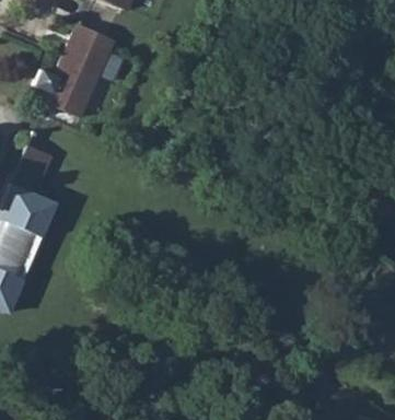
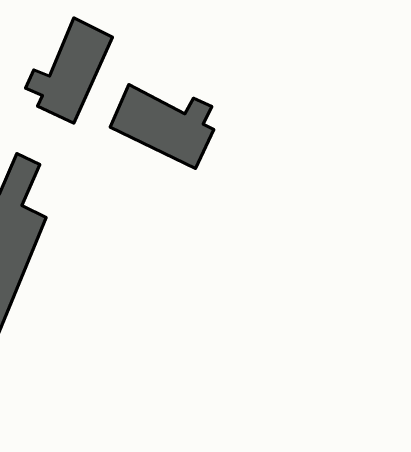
building: none -> [110,85,214,169]

